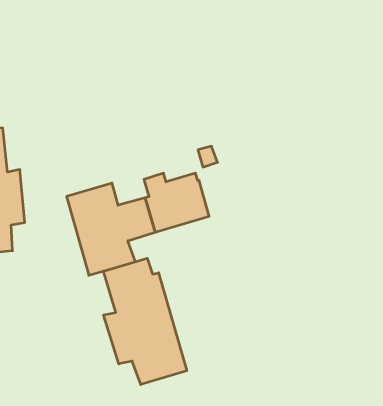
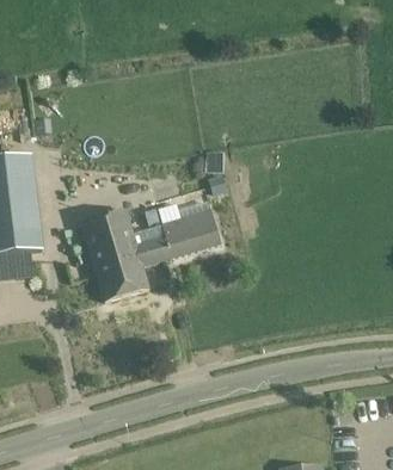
building: [104,258,187,385] -> none

